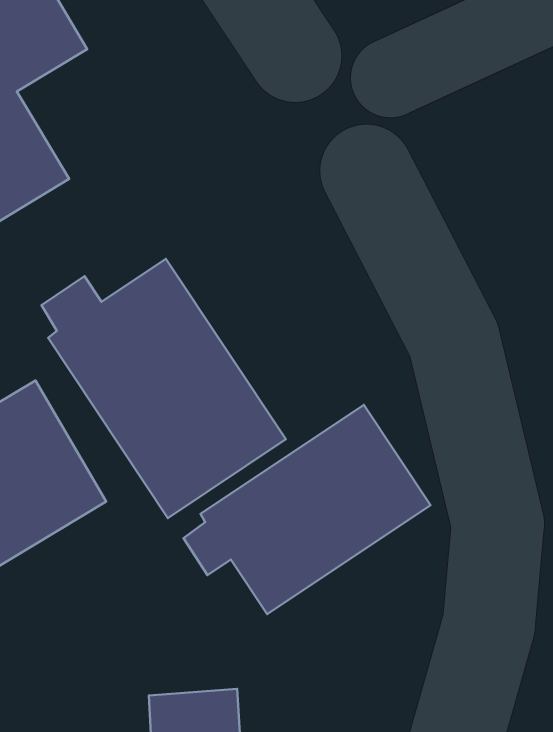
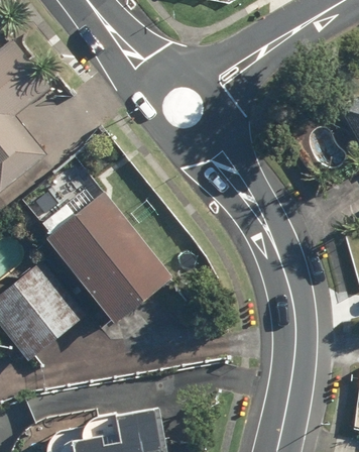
building: [183,405,430,614] -> none

